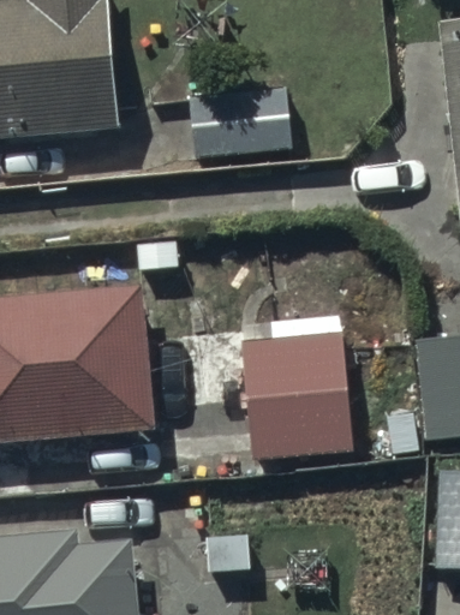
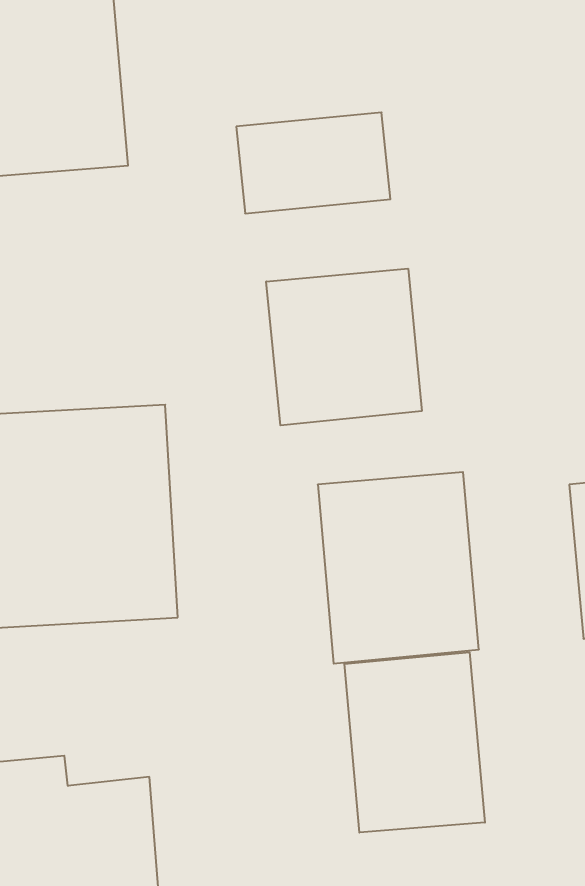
building: none -> [266,269,422,425]
building: none -> [344,652,485,833]

